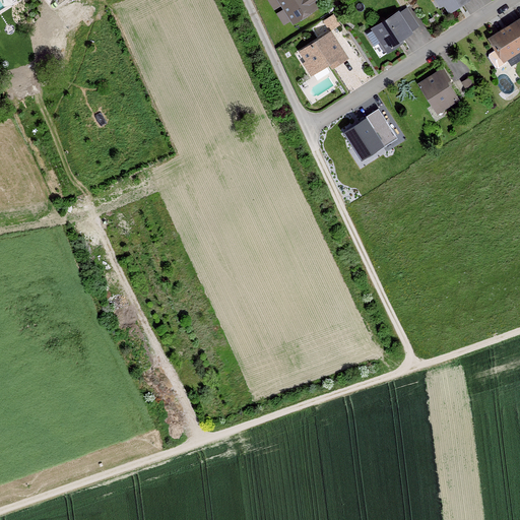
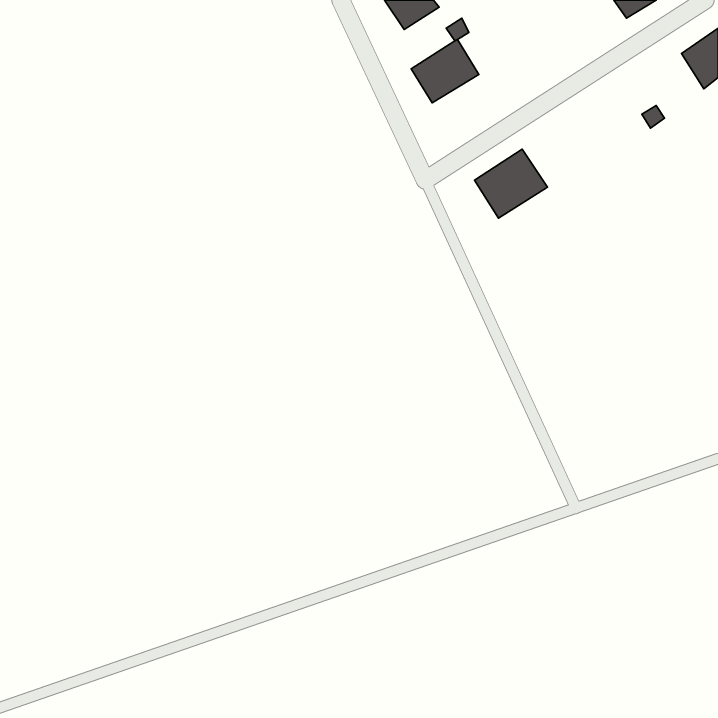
building: [371,10,411,53] -> none
building: [420,70,462,116] -> none

